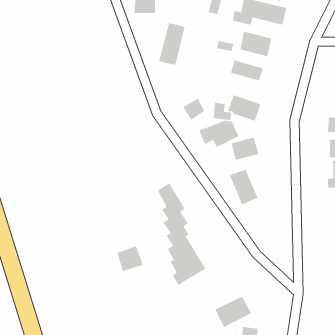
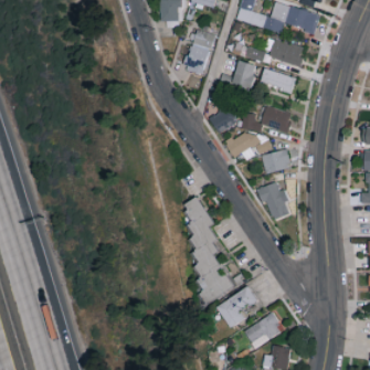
building: none -> [221,61,256,91]
building: [116,245,144,272] -> none
building: none -> [216,287,258,329]

